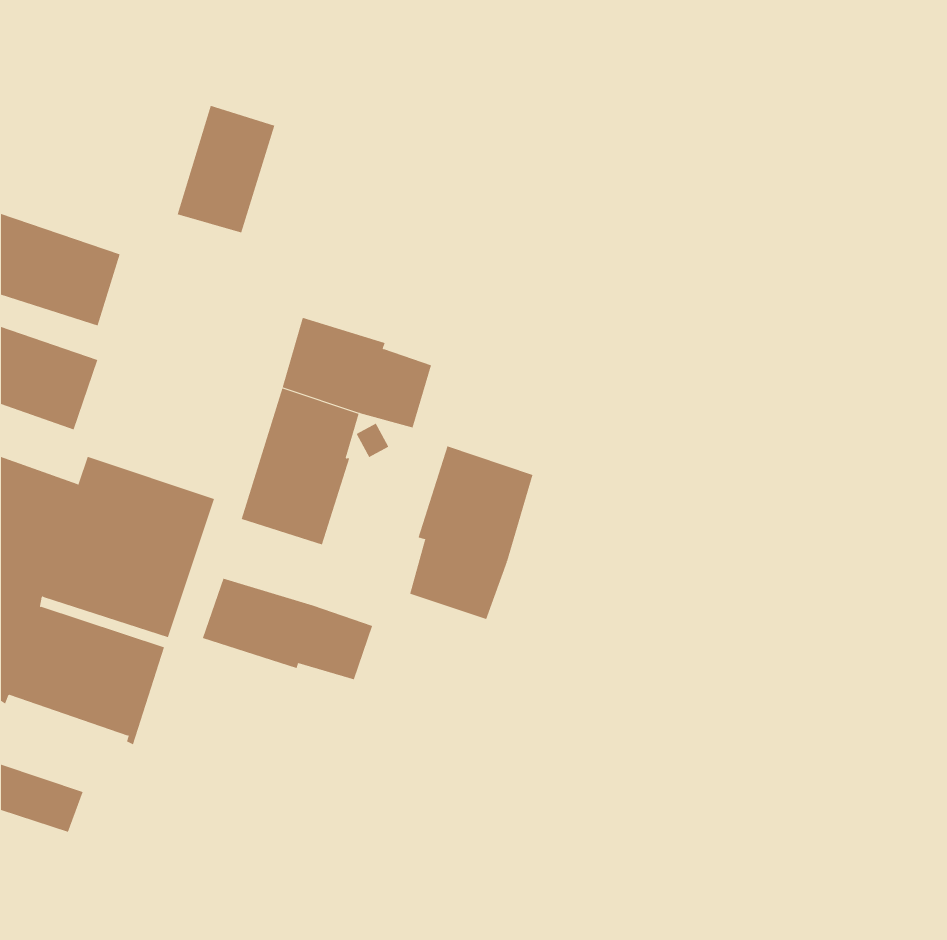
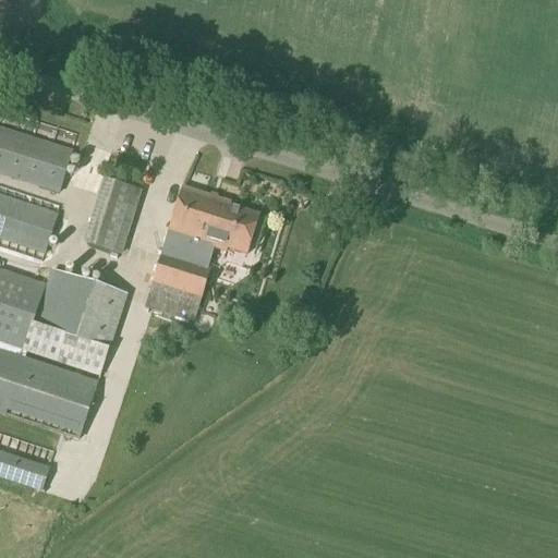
building: [177,105,275,233] -> [82,178,140,253]
building: [409,445,533,620] -> none
building: [202,578,373,680] -> none

